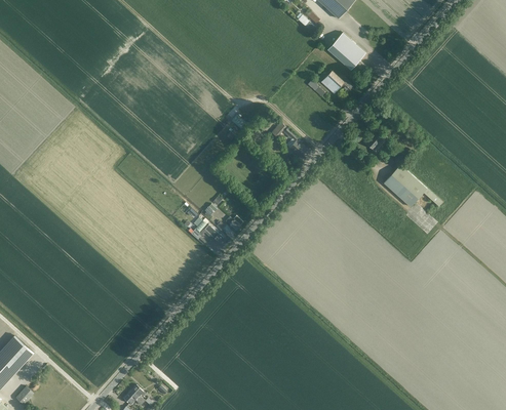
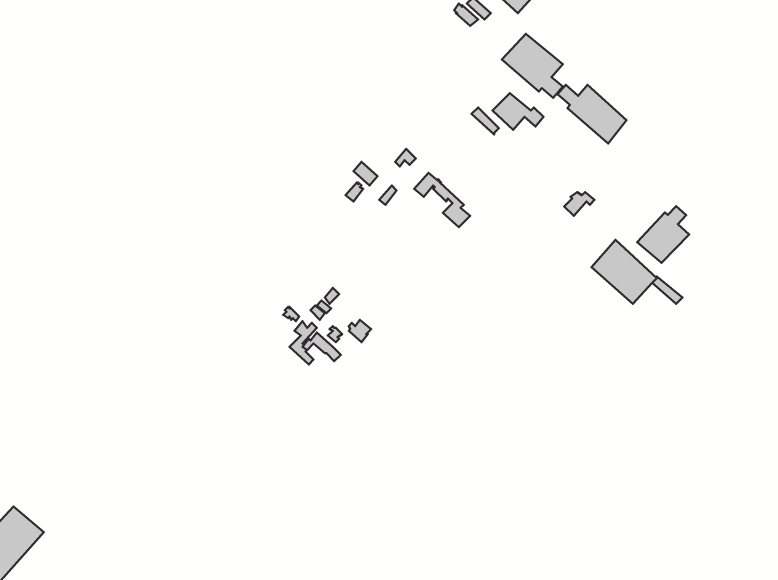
building: none -> [558,85,626,143]
building: none -> [637,206,689,263]

